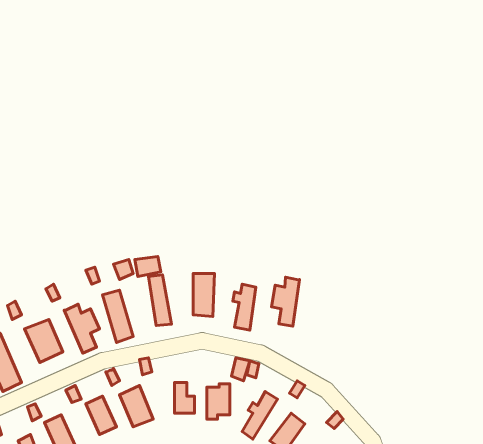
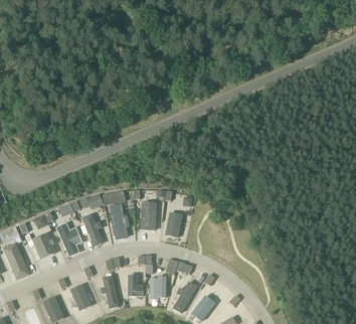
building: [272,277,299,326] -> none

